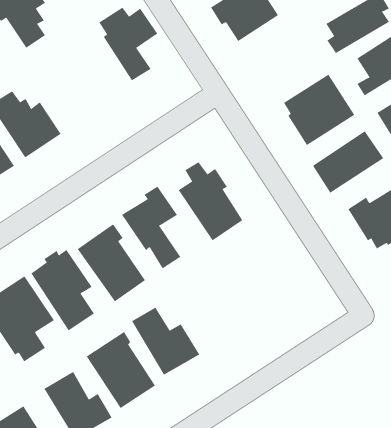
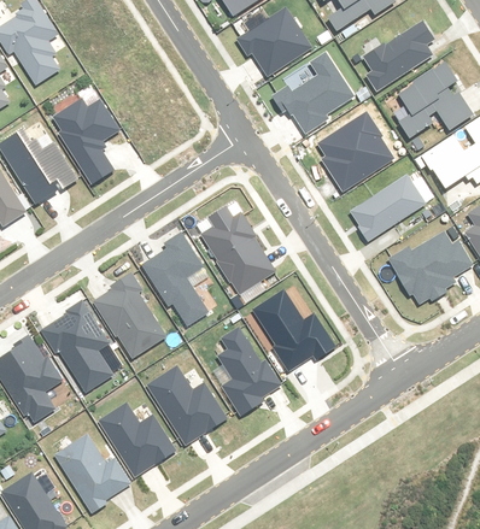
building: [98,7,158,81] -> [53,100,118,181]
building: none -> [274,52,352,133]
building: none -> [251,289,333,369]
building: none -> [216,328,280,410]

